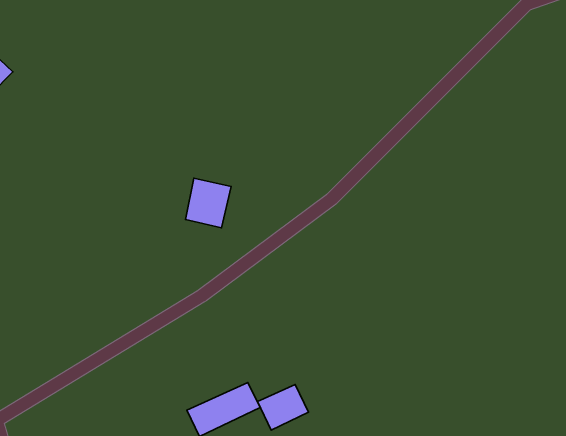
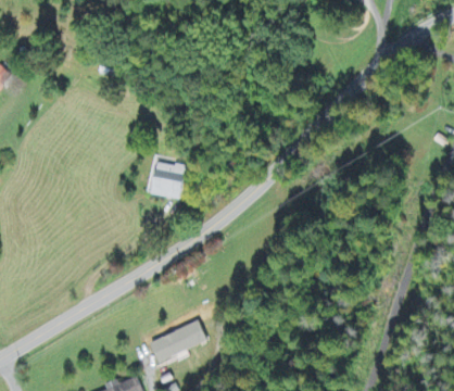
building: [258,384,309,430] -> none

